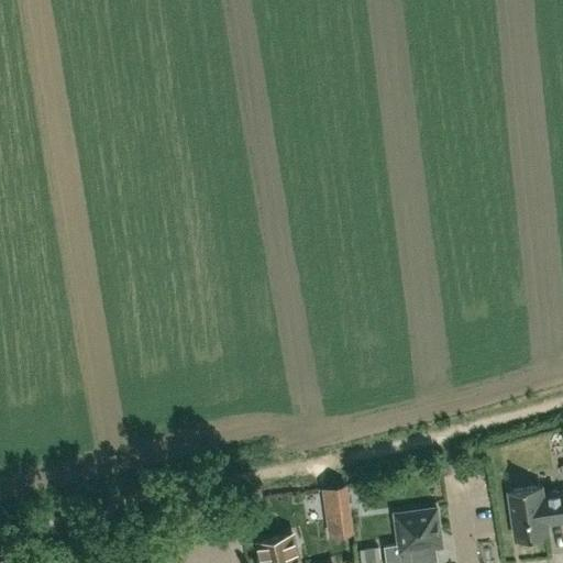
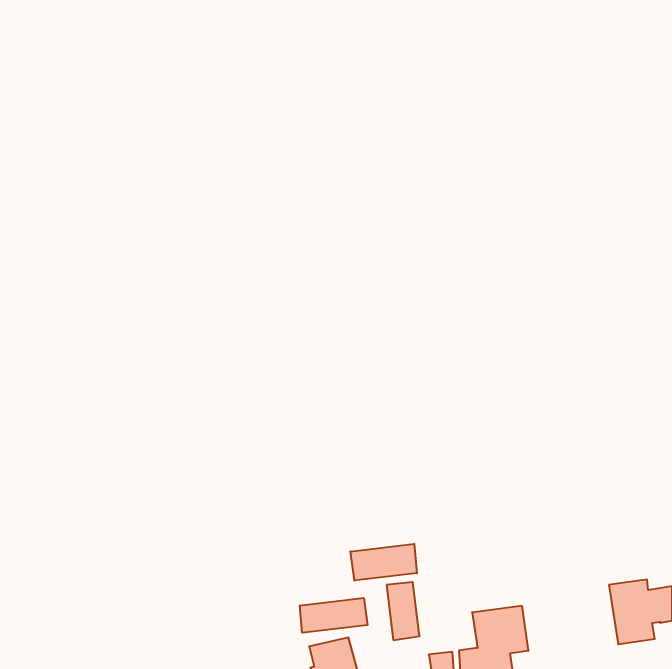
building: none -> [350,544,417,581]
building: none -> [300,598,368,633]

